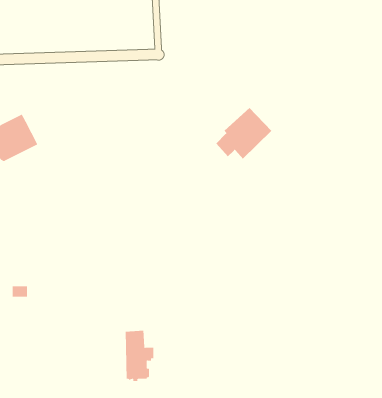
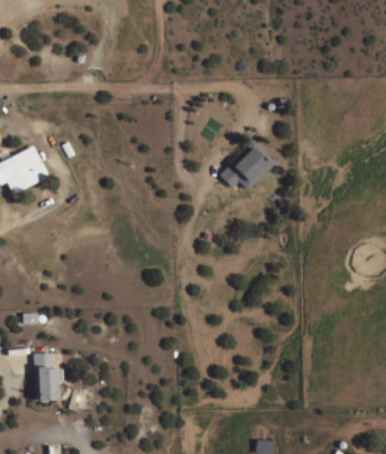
building: [125,330,154,382] -> [34,352,63,402]

